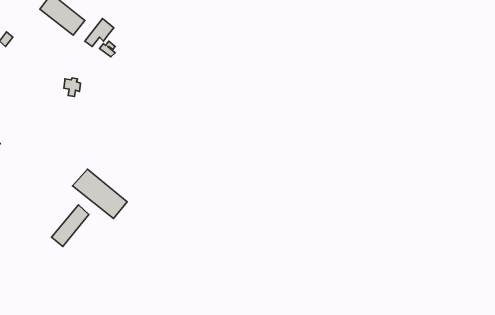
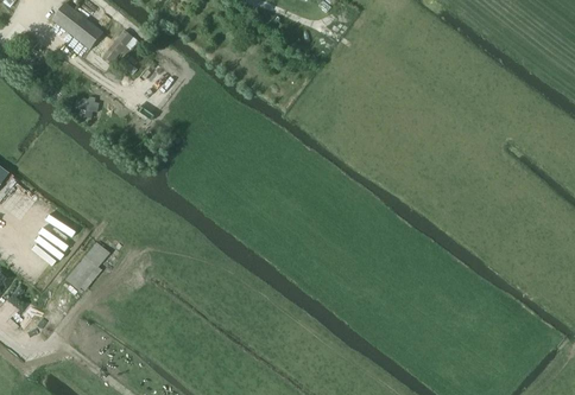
building: [73,169,127,218] -> none

